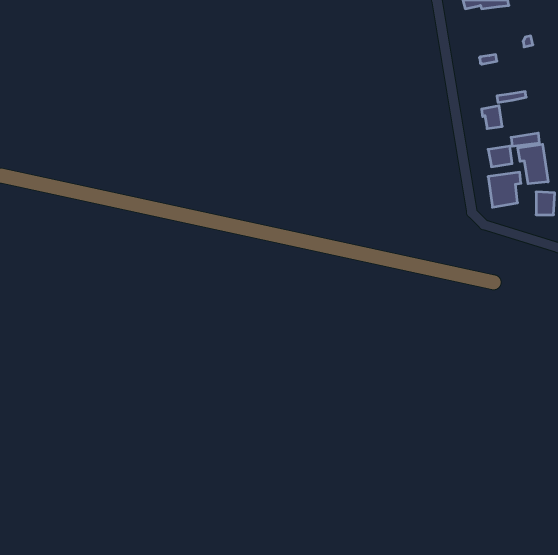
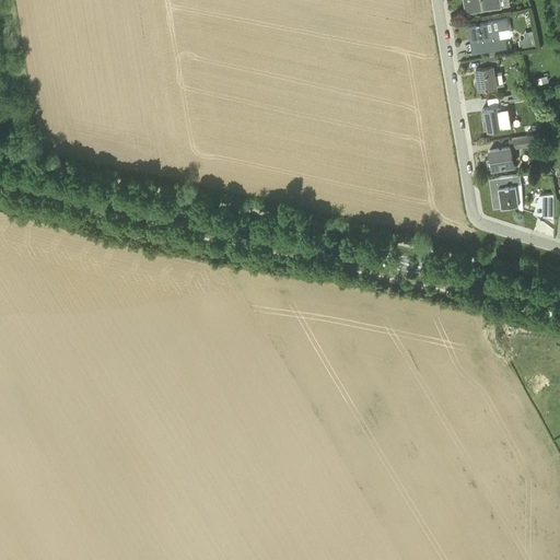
building: none -> [465,19,510,55]
building: none -> [475,68,503,90]
building: [518,144,548,184] -> none

